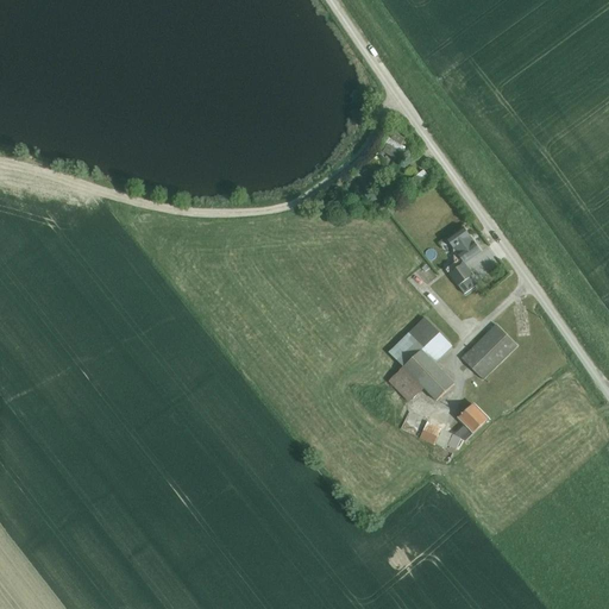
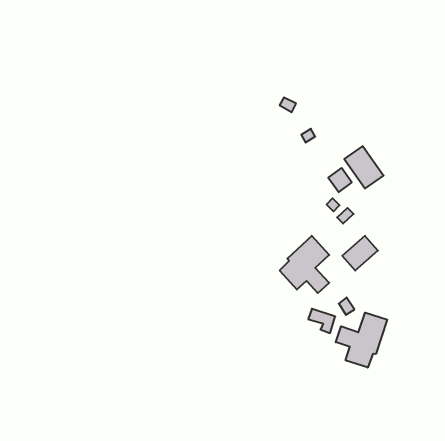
building: none -> [344,146,384,189]
building: none -> [336,313,387,368]

